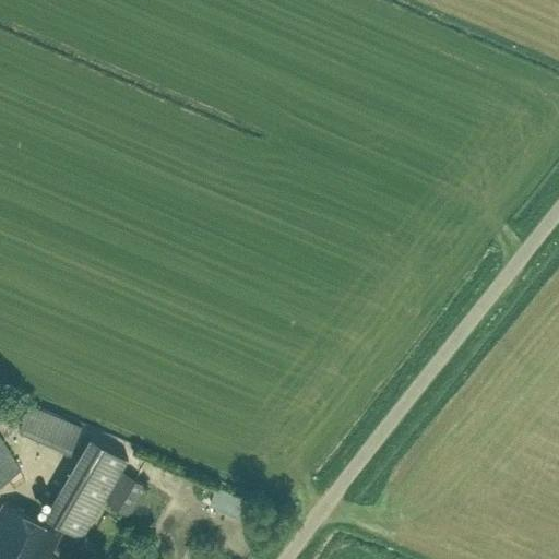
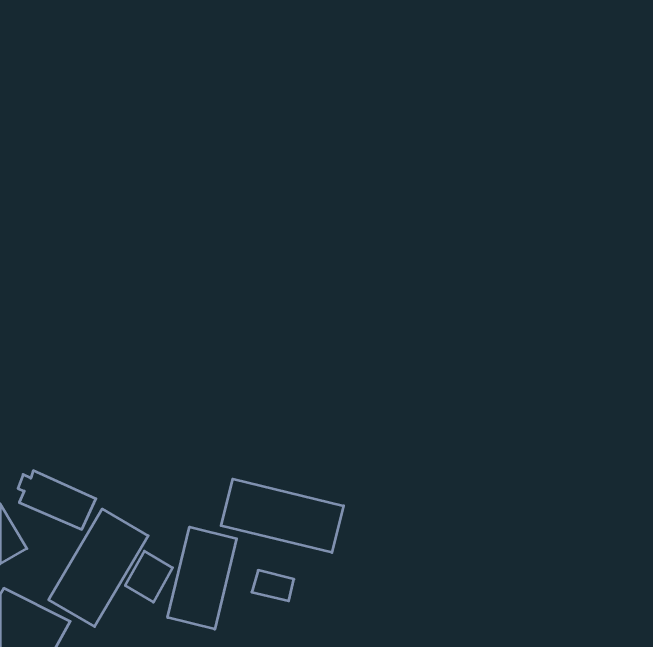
building: none -> [221,479,344,553]
building: none -> [168,527,237,629]

